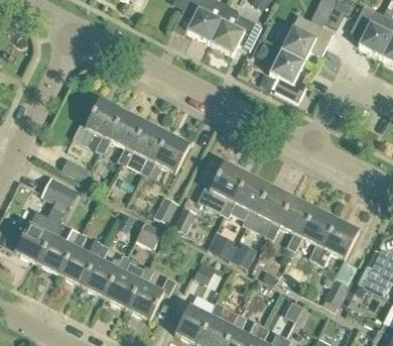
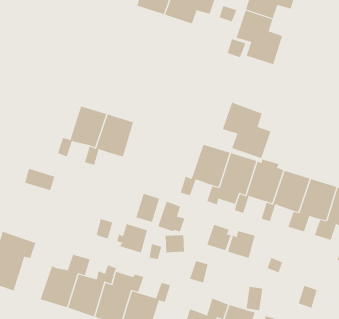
building: [73,98,122,145] -> none
building: none -> [222,102,271,159]
building: [139,132,189,179] -> none
building: [41,176,77,209] -> none
building: [37,228,86,274] -> none

